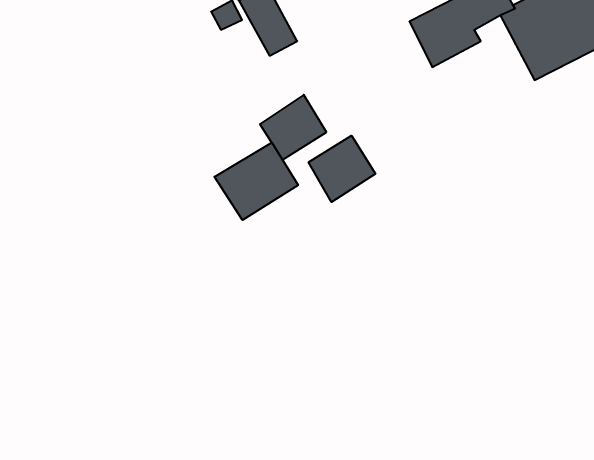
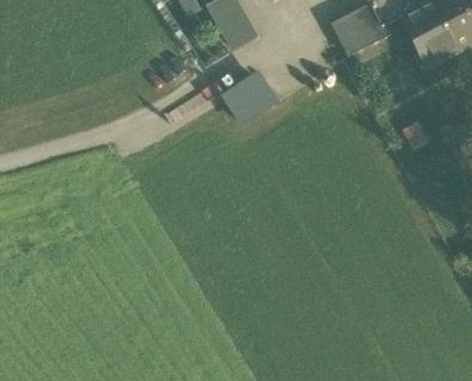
building: [309,136,375,202] -> none
building: [214,143,298,220] -> none

